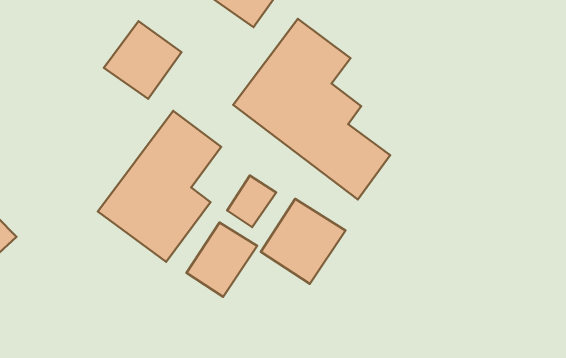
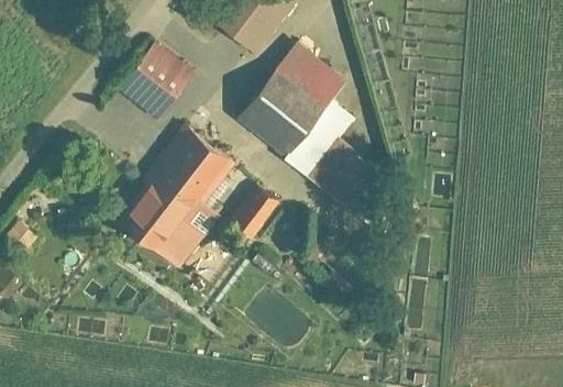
building: [261,199,346,284] -> none
building: [187,222,257,297] -> none

